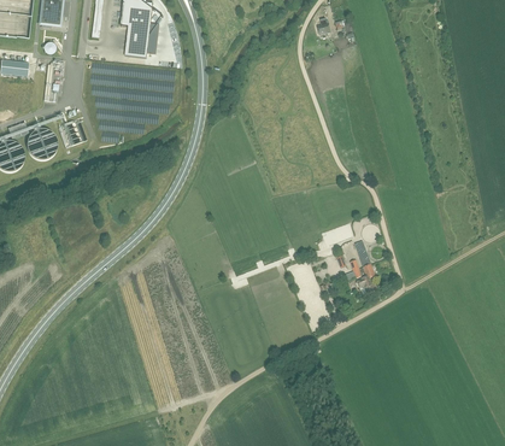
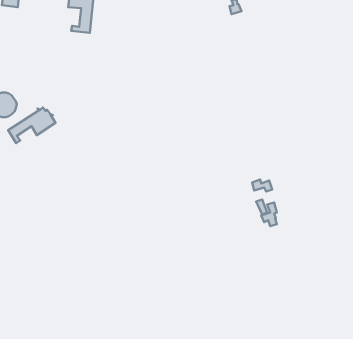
building: none -> [8,107,55,143]

